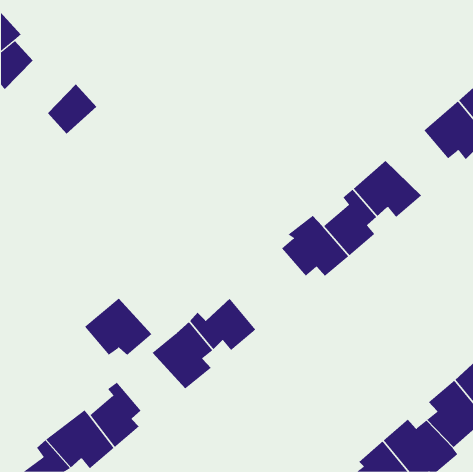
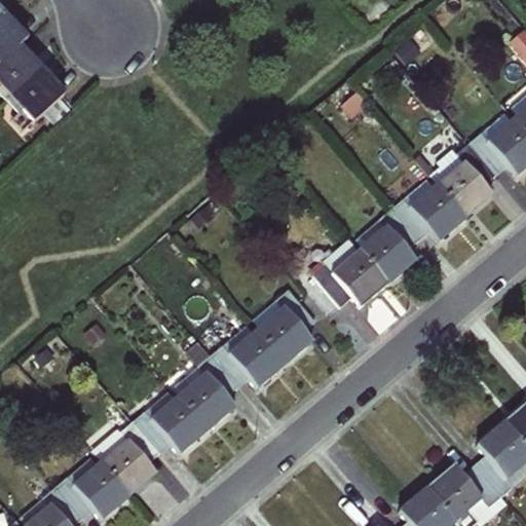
building: [47,83,97,135] -> [8,67,64,123]
building: none -> [428,144,497,216]
building: none -> [257,289,316,364]
building: [84,298,152,356] -> [133,389,208,453]

